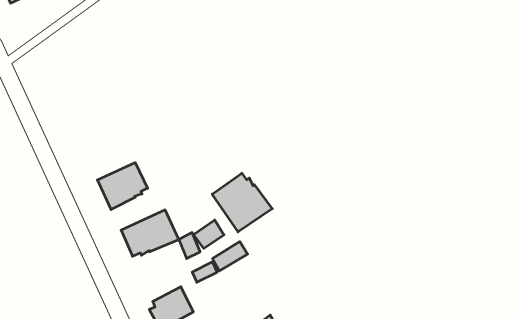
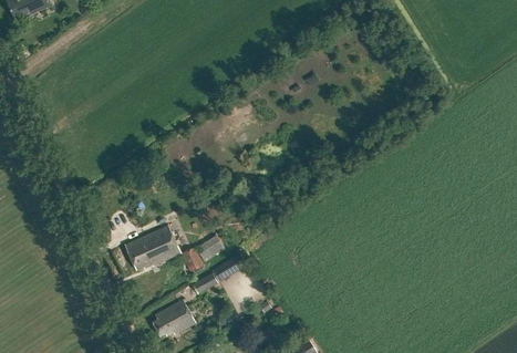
building: [97,163,148,210] -> none
building: [212,173,272,232] -> none

